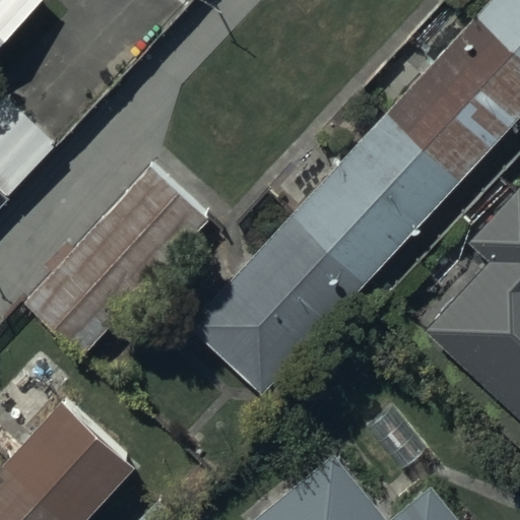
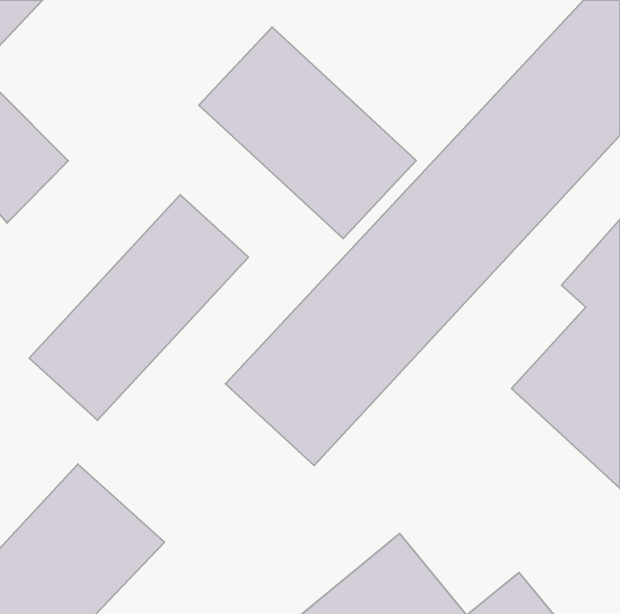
building: none -> [199,27,416,239]

